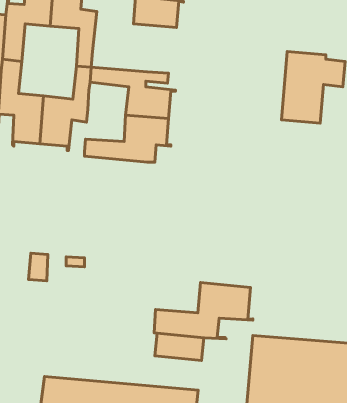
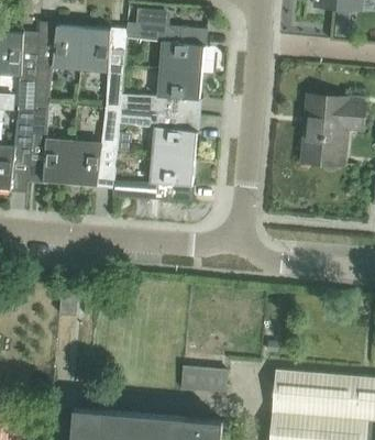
building: none -> [119,68,203,114]
building: [154,283,253,339] -> none

